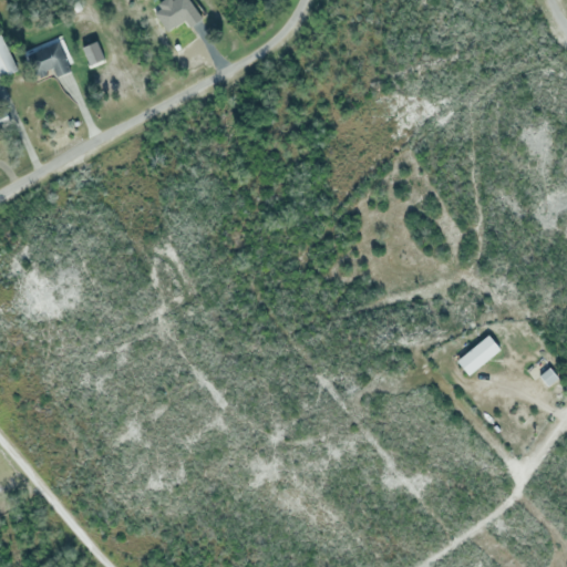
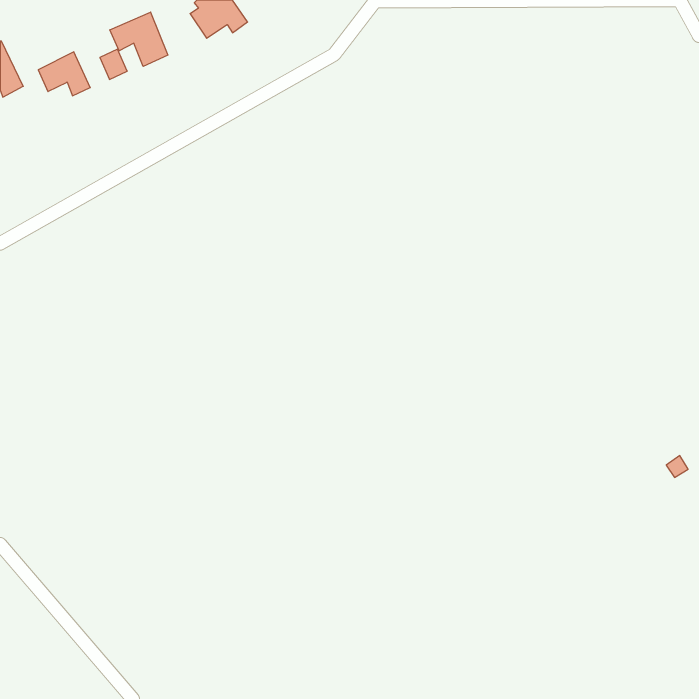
building: none -> [110,12,168,66]
building: [456,336,499,377] -> none

